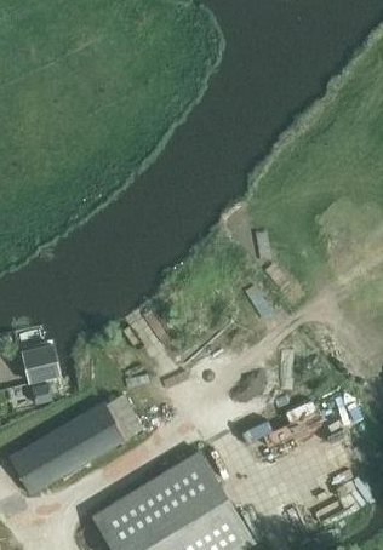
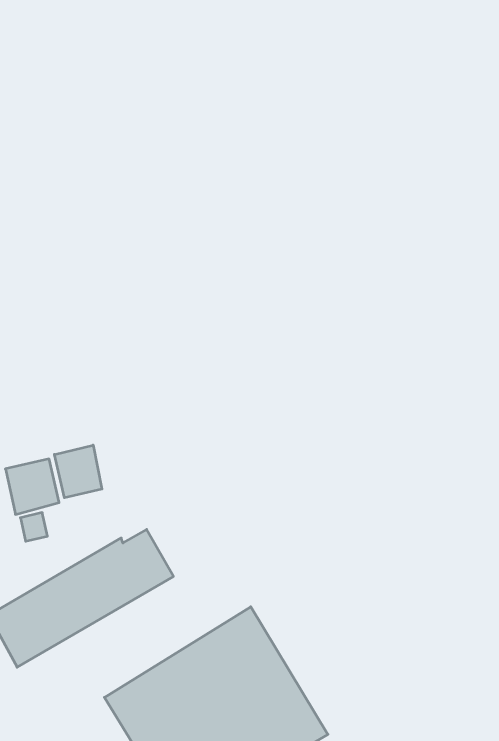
building: none -> [54,445,102,498]

